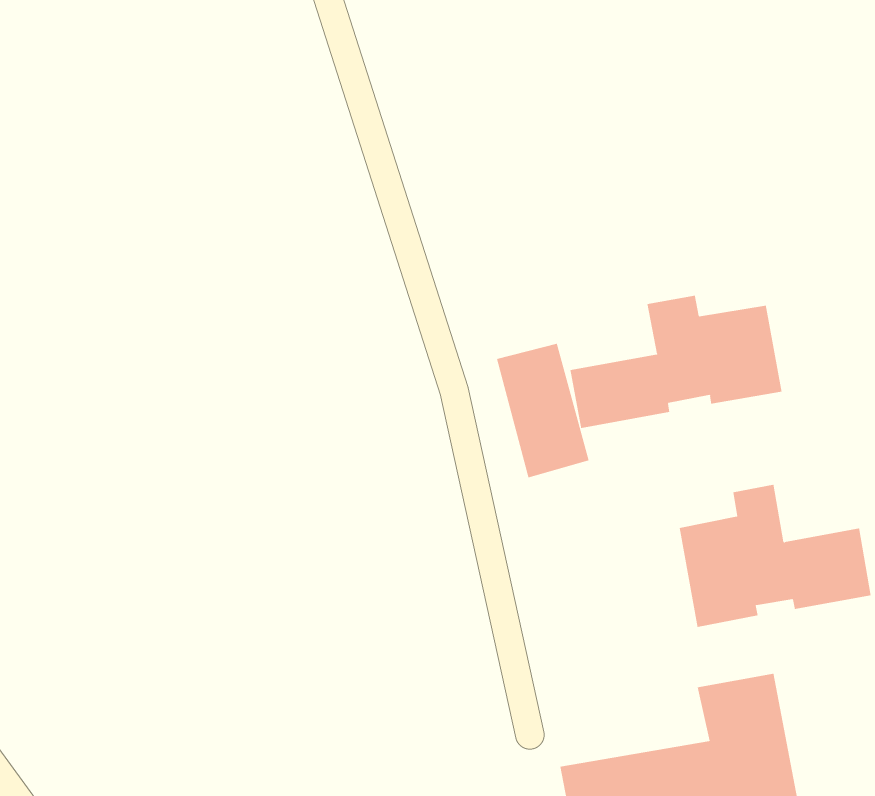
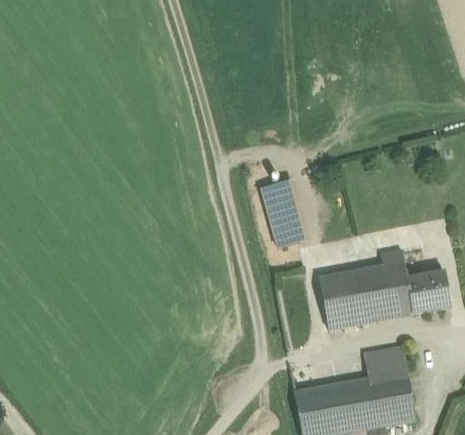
building: [570,295,782,429] -> none
building: none -> [318,272,362,328]

